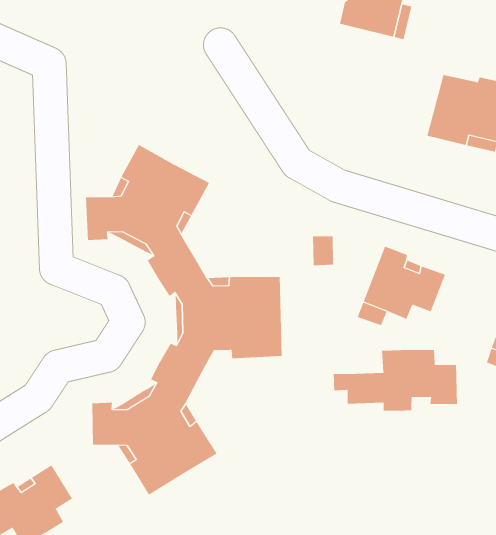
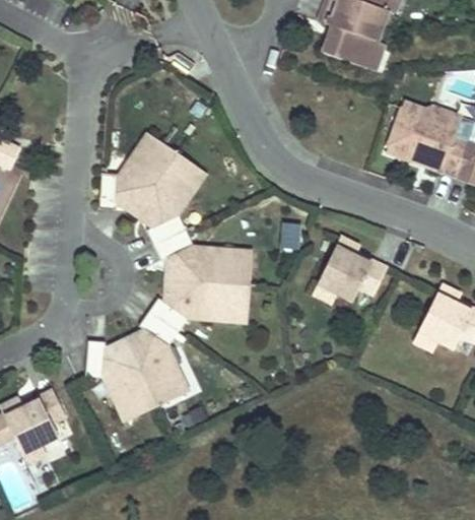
building: [333,349,457,411] -> none

